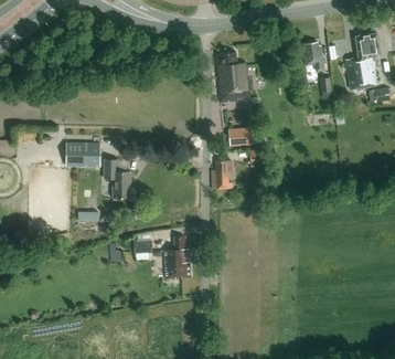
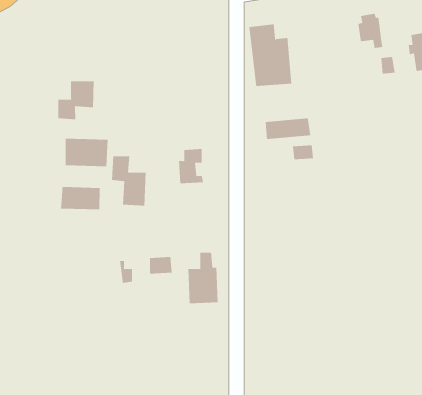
building: none -> [58,80,94,120]
building: [211,160,232,189] -> [178,148,204,184]
building: none -> [61,186,100,210]

